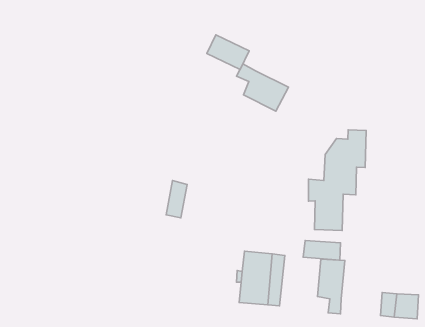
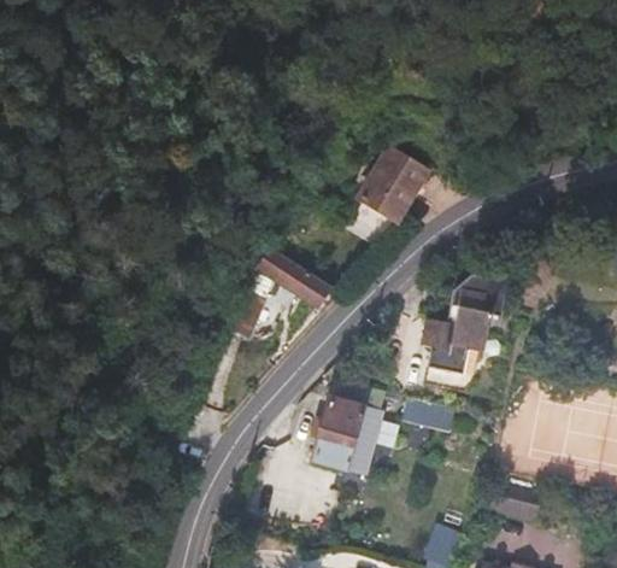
building: [207,35,249,69] -> [382,148,436,198]
building: none -> [260,246,336,314]
building: [317,259,345,314] -> none

